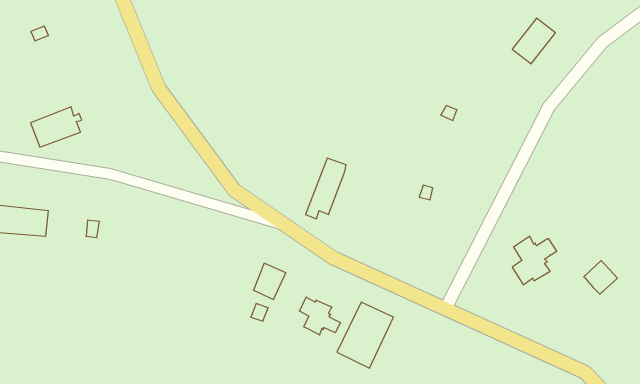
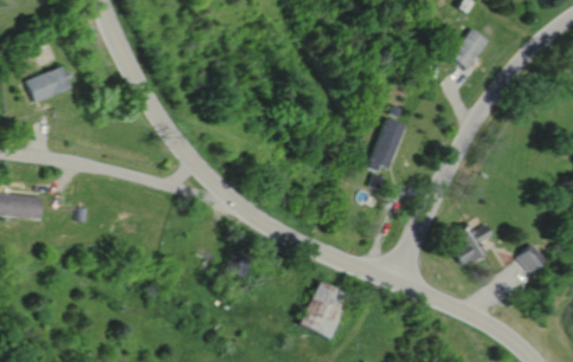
building: [31,107,82,147] -> [26,66,71,102]
building: [306,158,346,219] -> [368,119,404,173]
building: [300,297,341,335] -> none

